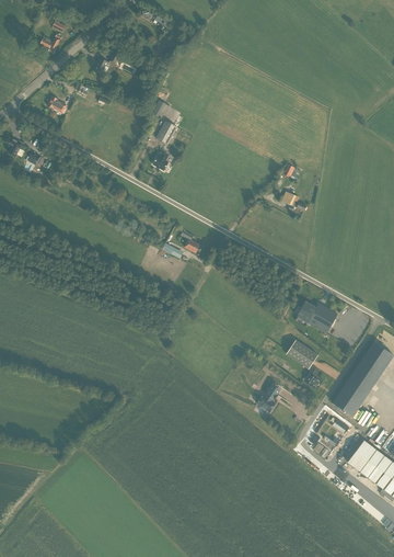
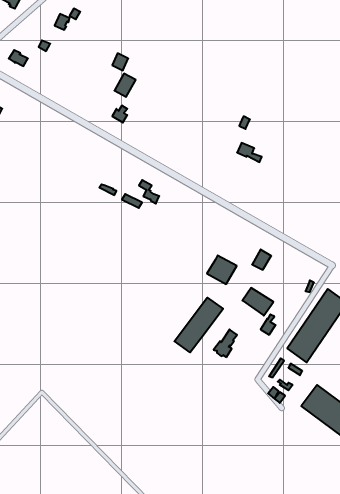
building: [308,303,338,332] -> [207,255,237,284]
building: none -> [174,298,223,352]

